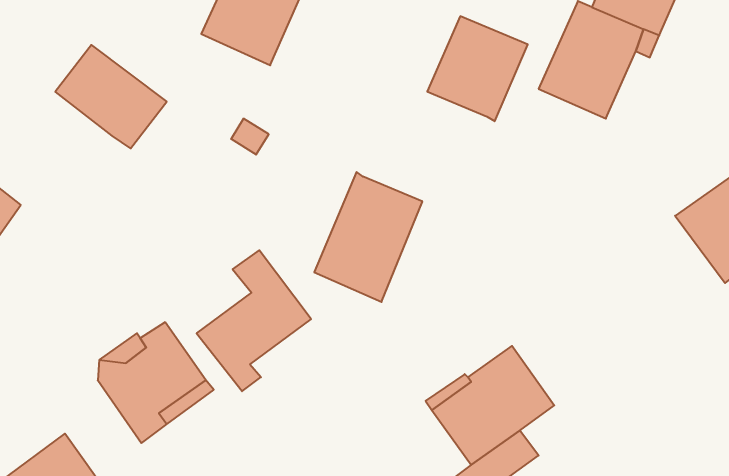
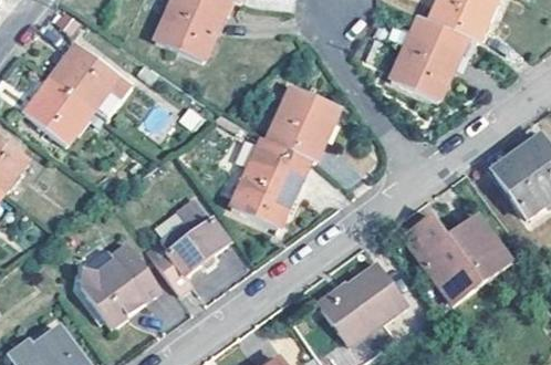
building: [427,16,528,121] -> [269,86,340,160]
building: none -> [27,80,92,147]
building: none -> [403,210,508,300]

